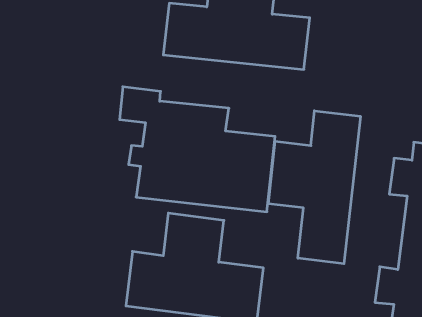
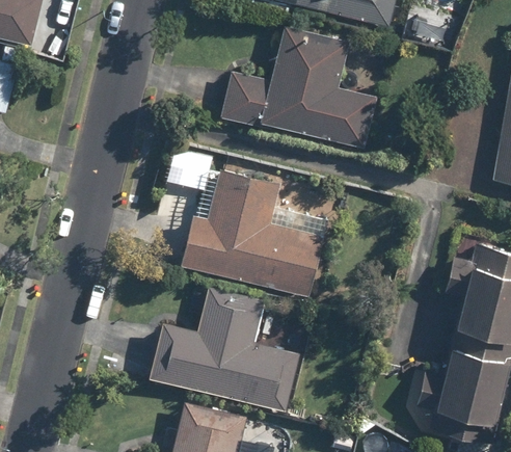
building: [268,111,360,264] -> none

